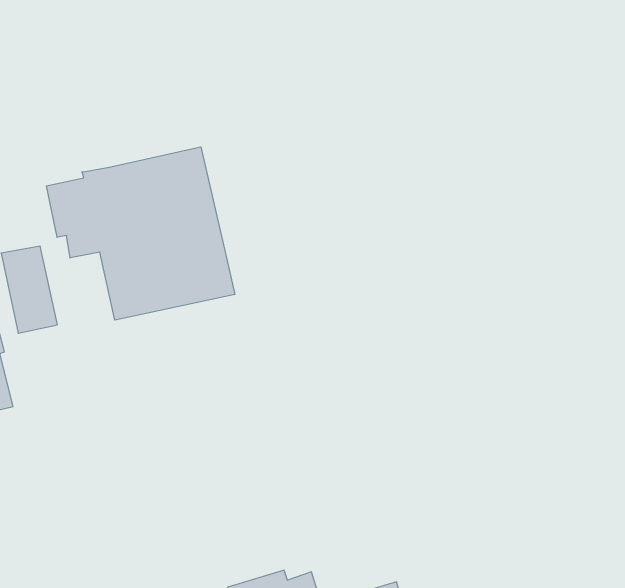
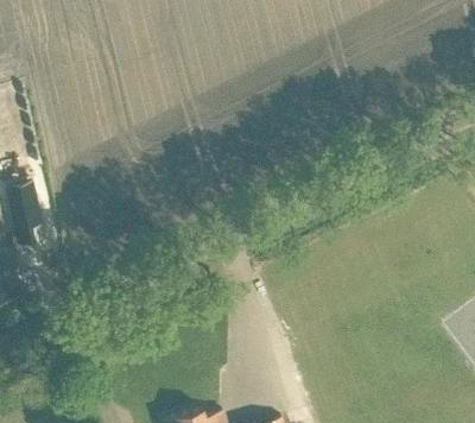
building: [46,147,235,320] -> none

